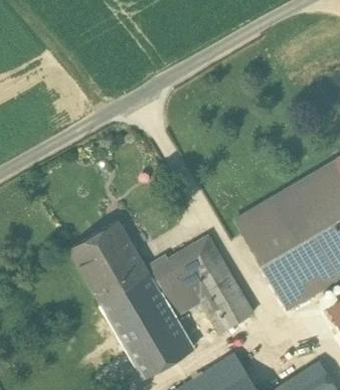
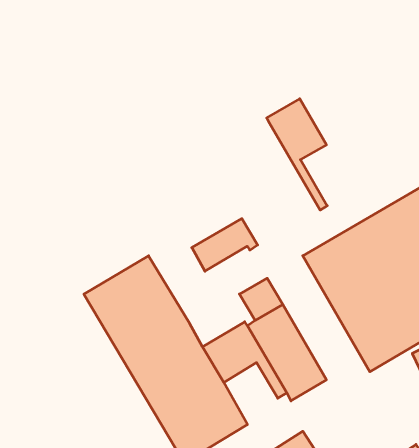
building: none -> [267,99,327,210]
building: [149,250,199,290] -> [192,219,258,271]

